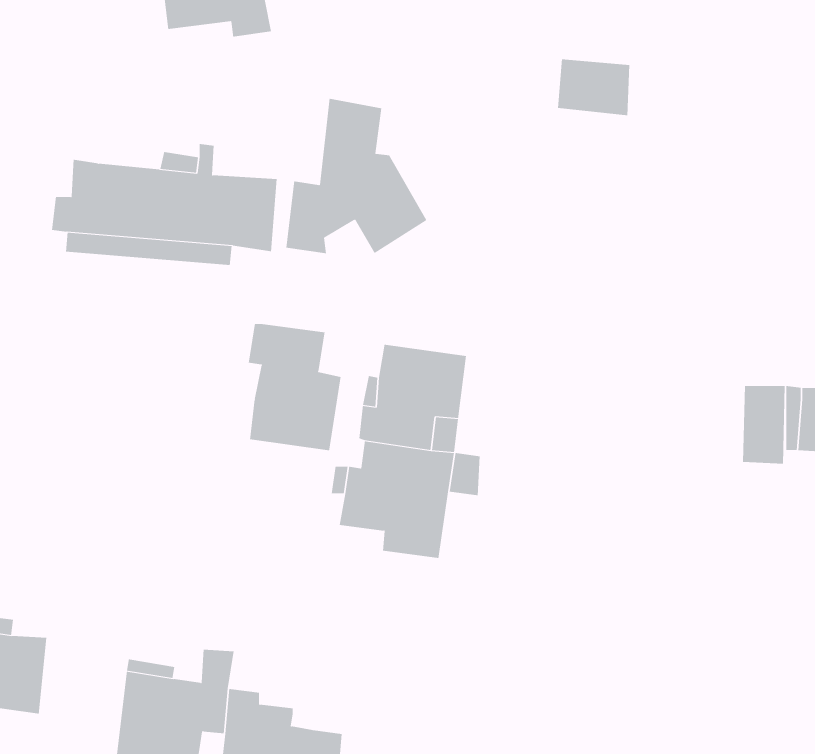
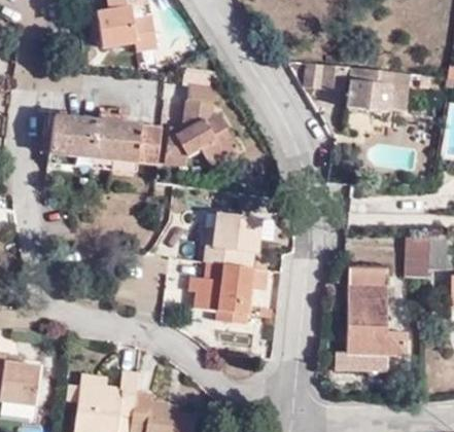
building: none -> [348,67,409,113]
building: [248,323,341,451] -> none
building: none -> [336,266,406,368]

